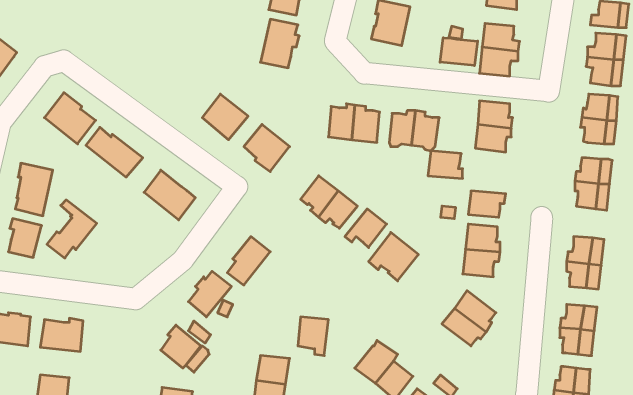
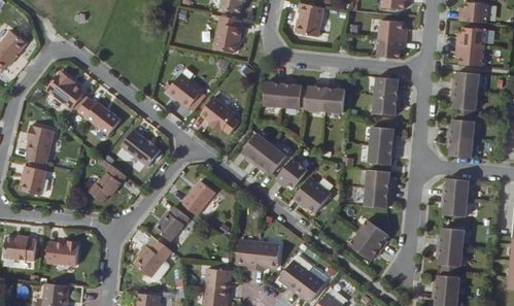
building: [440,38,478,66] -> none
building: [428,151,463,178] -> [369,126,395,146]
building: [47,200,97,258] -> [93,158,130,201]
building: none -> [260,240,283,268]

